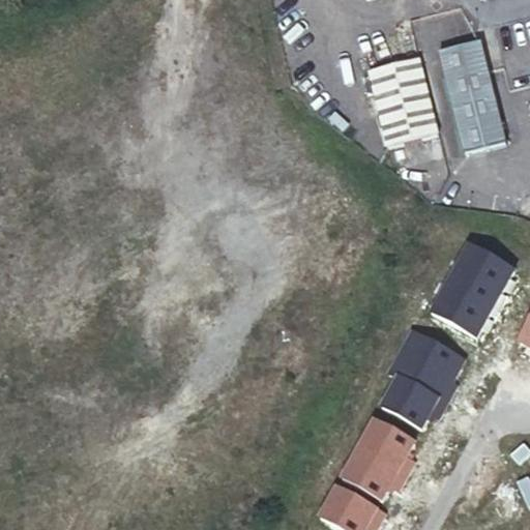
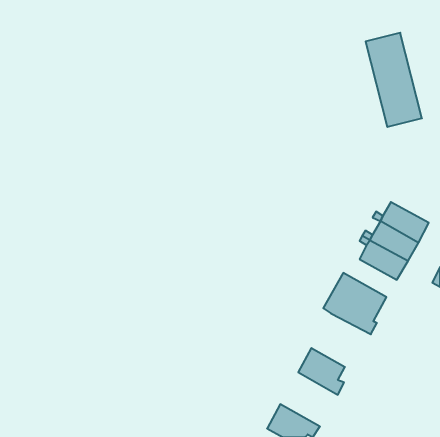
building: [374,61,446,147] -> none
building: [380,376,444,428] -> none
building: [341,446,405,498] -> none

